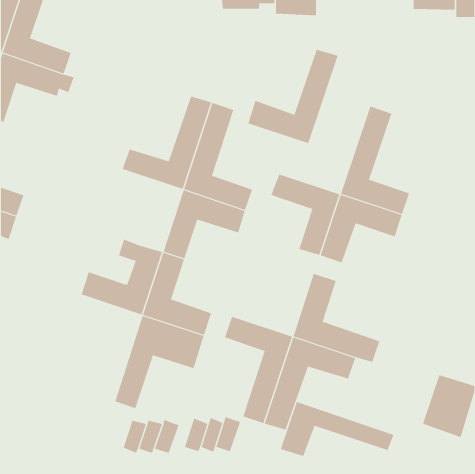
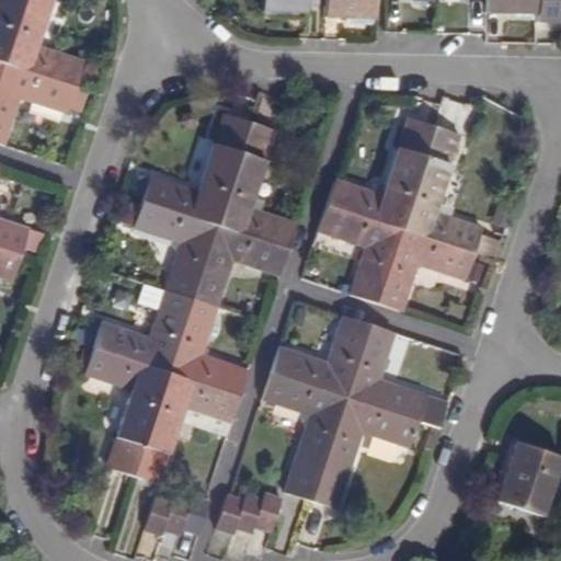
building: [247,49,339,144] -> [329,117,436,229]
building: none -> [135,199,216,297]
building: none -> [273,313,369,397]
building: none -> [87,347,168,473]
building: [280,401,394,457] -> none

